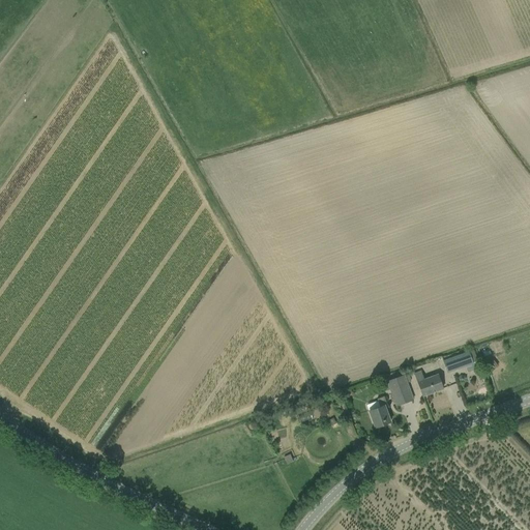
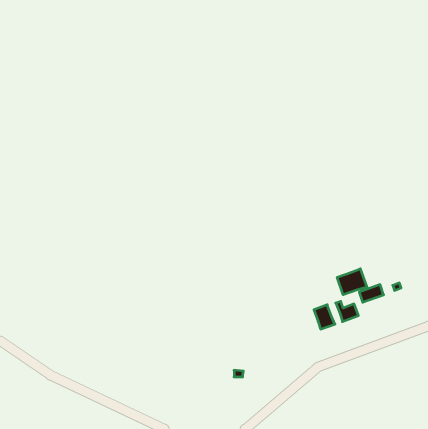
building: none -> [337,269,367,295]
building: [367,396,391,428] -> none

